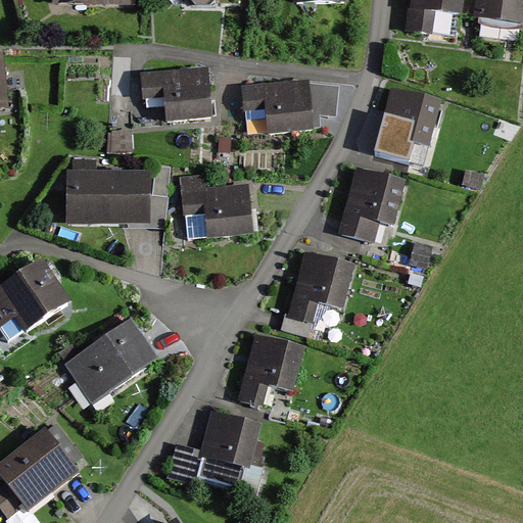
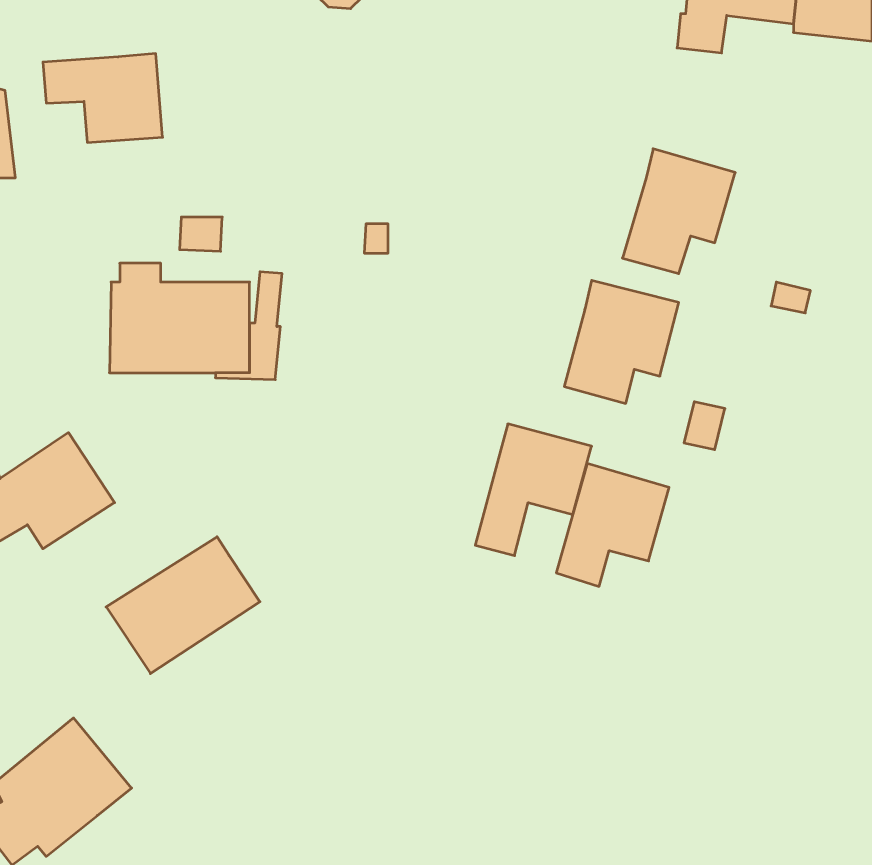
building: [139,67,210,121] -> [43,54,163,142]
building: [242,81,340,133] -> none
building: [180,173,253,239] -> none
building: [237,333,304,407] -> [556,463,669,586]
building: [170,414,259,491] -> none

